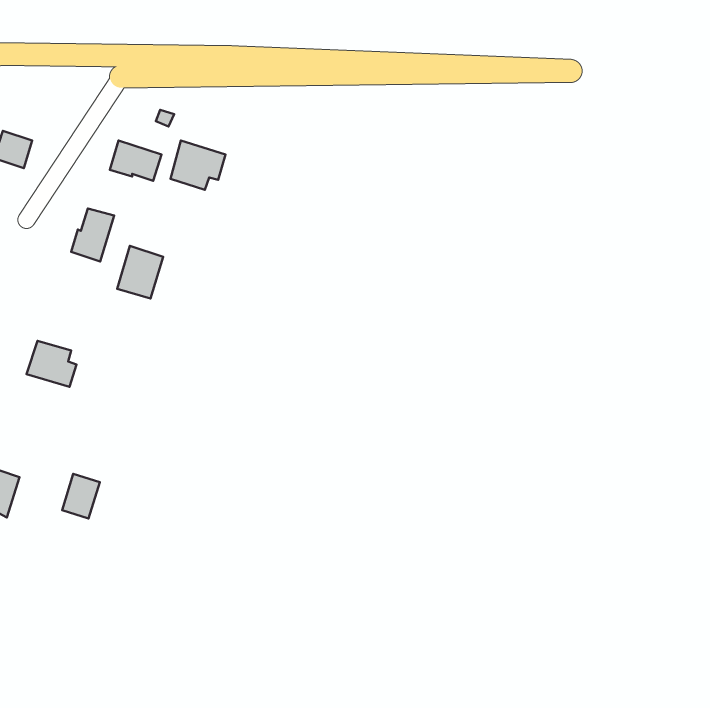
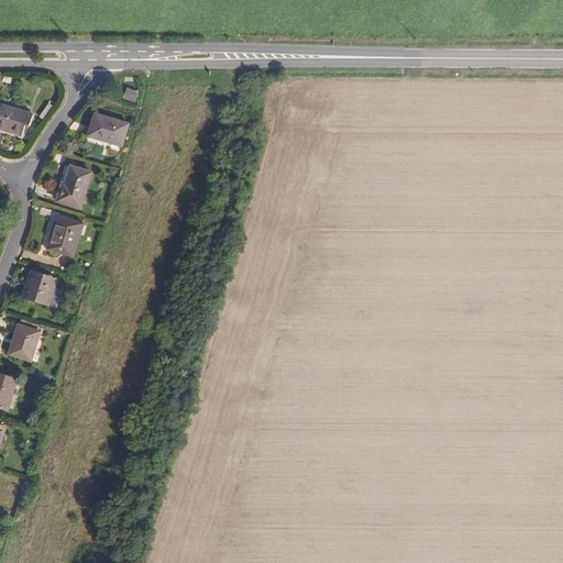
building: [170,140,226,190] -> none
building: [117,246,163,299] -> [46,213,82,255]
building: [62,474,100,518] -> [9,323,38,358]

